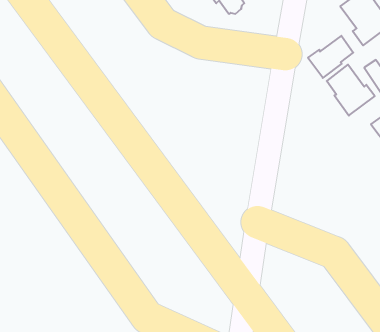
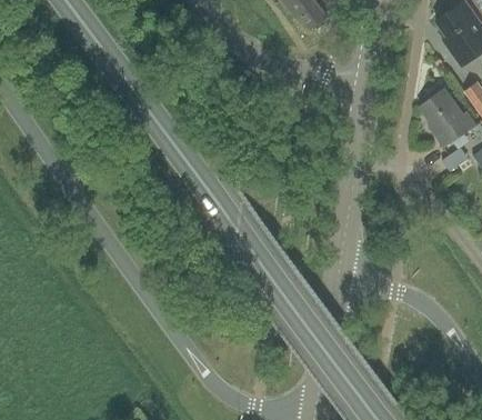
building: [308,36,353,78] -> none

